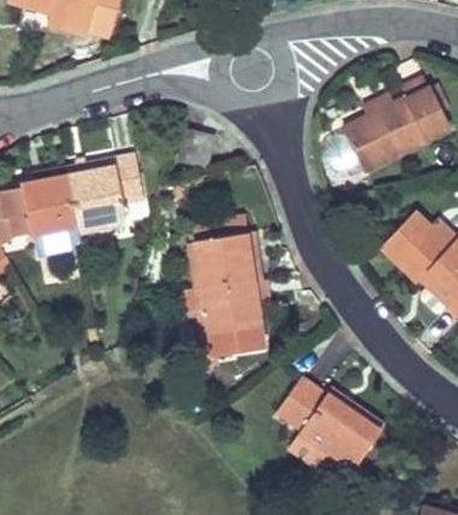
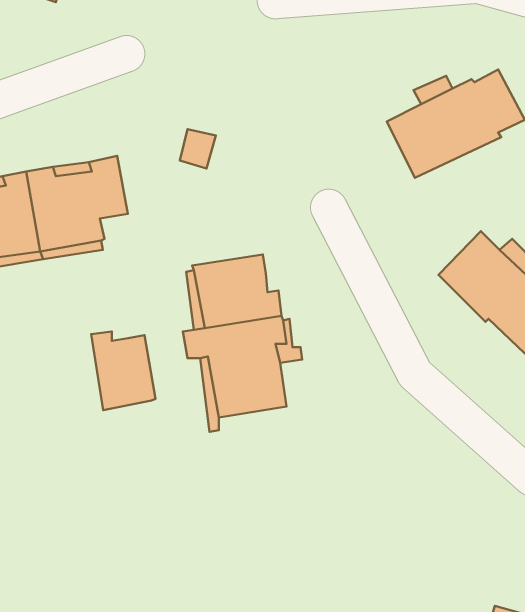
building: none -> [91,331,156,410]
building: [278,378,386,475] -> none

